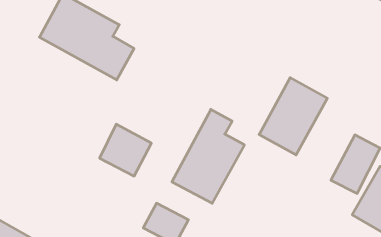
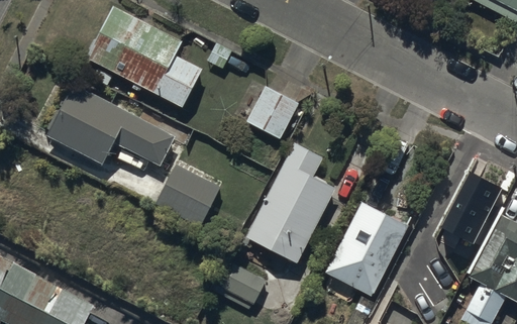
building: none -> [46,83,177,167]
building: none -> [245,86,298,138]
building: [259,78,327,155] -> [325,201,409,296]

